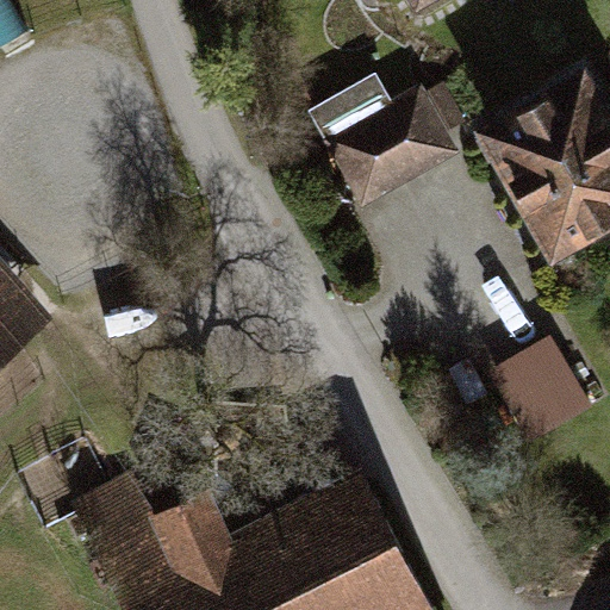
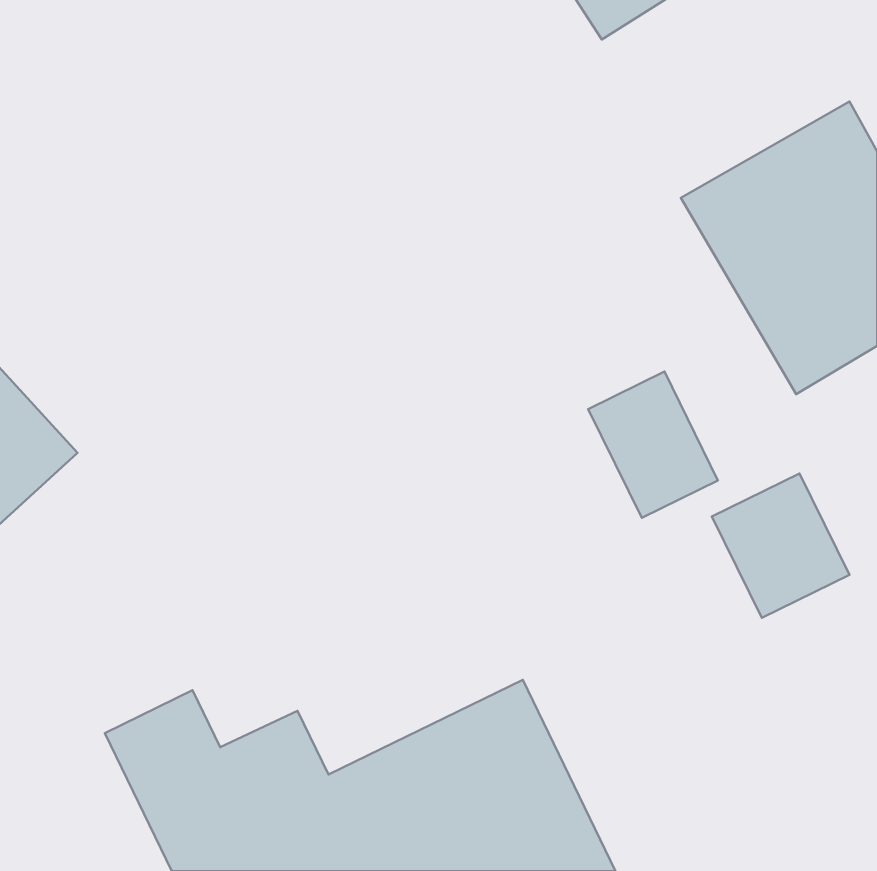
building: [315,88,462,220] -> none
building: none -> [588,371,718,518]

